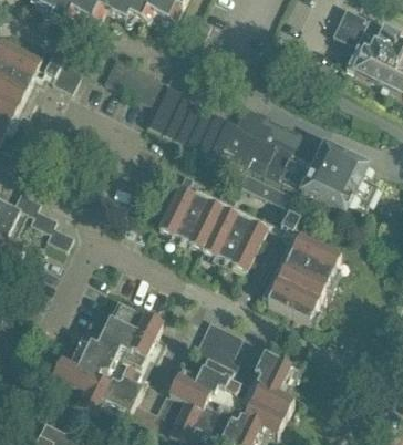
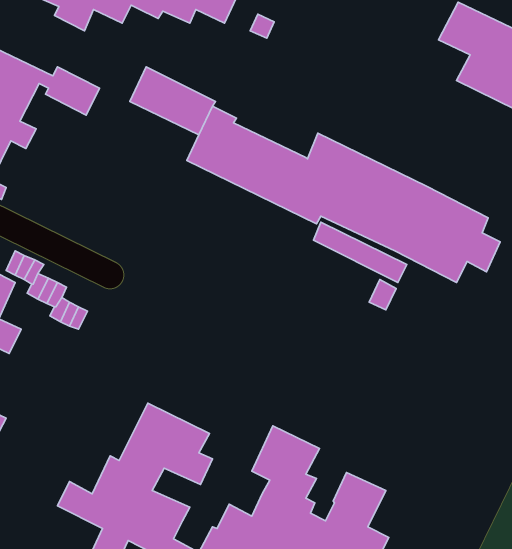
building: [158,172,272,268] -> none
building: [262,234,341,320] -> none

